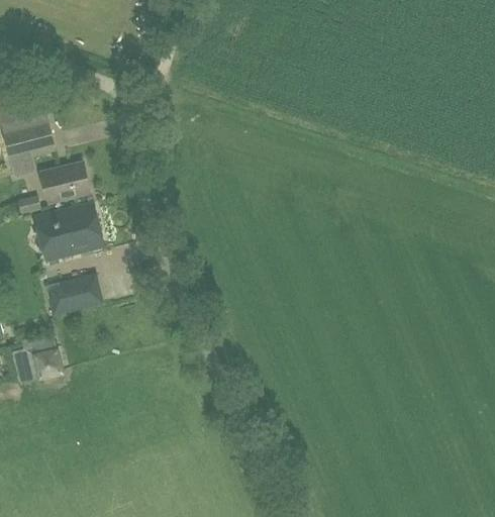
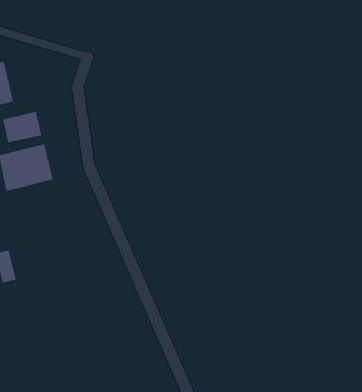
building: [45,274,101,315] -> none

